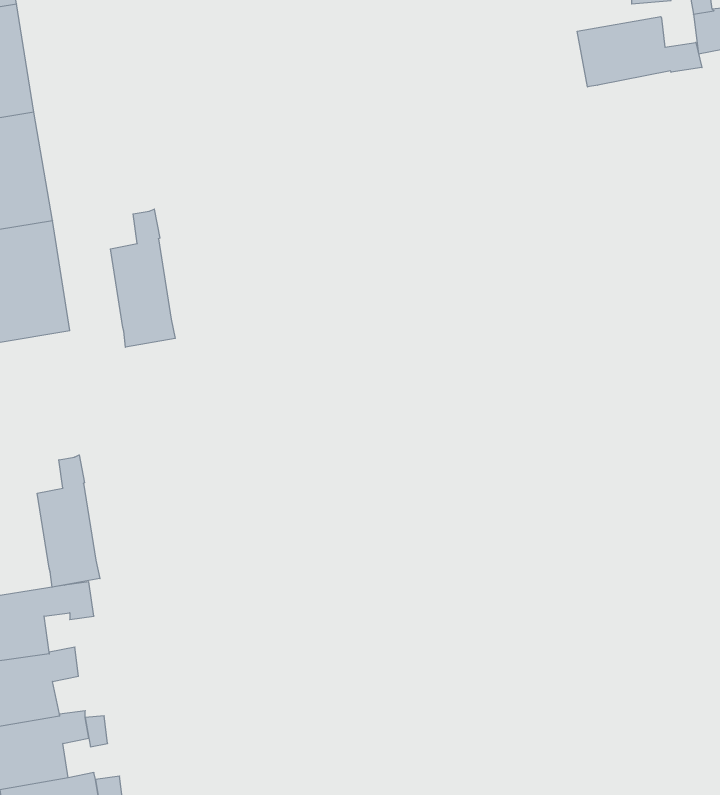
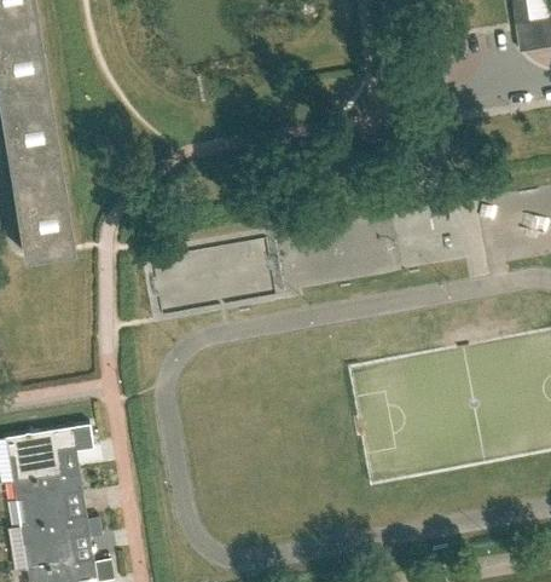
building: [577,17,702,87] -> none
building: [110,209,175,347] -> none
building: [37,455,100,587] -> none

